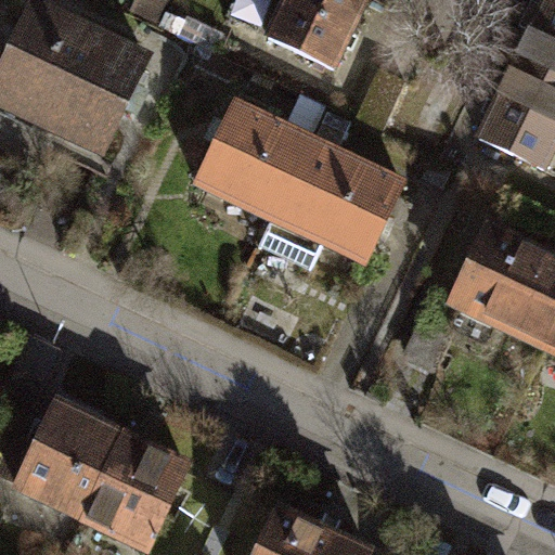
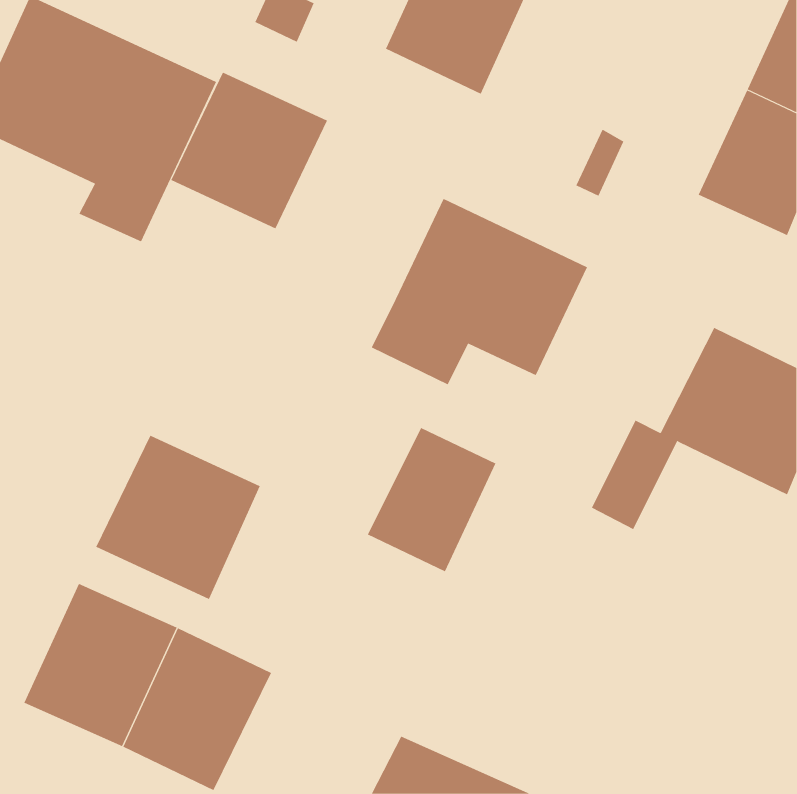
building: [197,103,306,211] -> [171,72,328,229]
building: none -> [367,427,496,572]
building: none -> [95,435,260,600]

